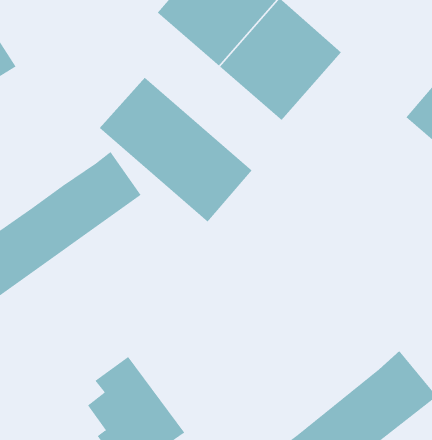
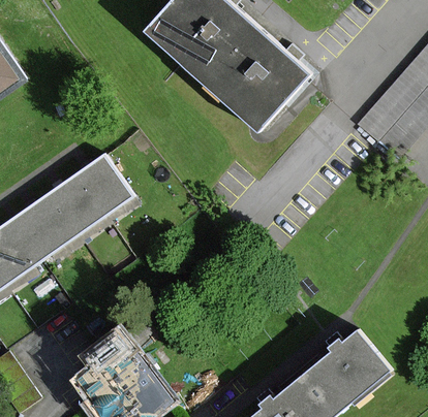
building: [99,77,252,222] -> none

